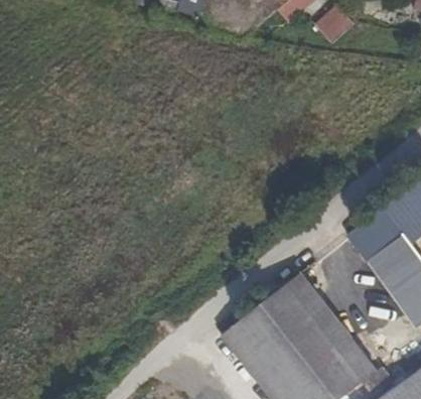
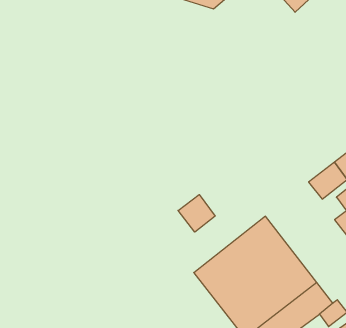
building: none -> [178,195,215,232]

